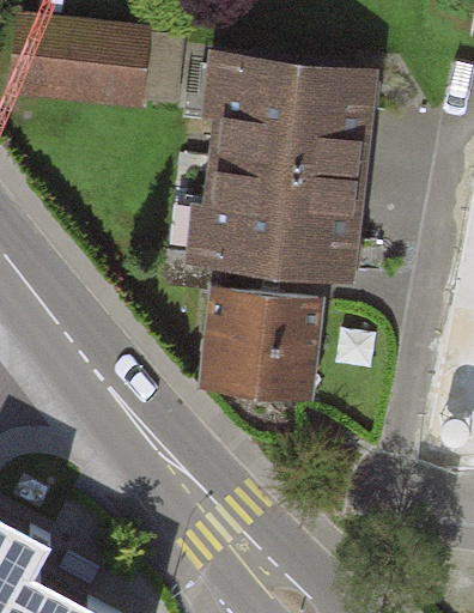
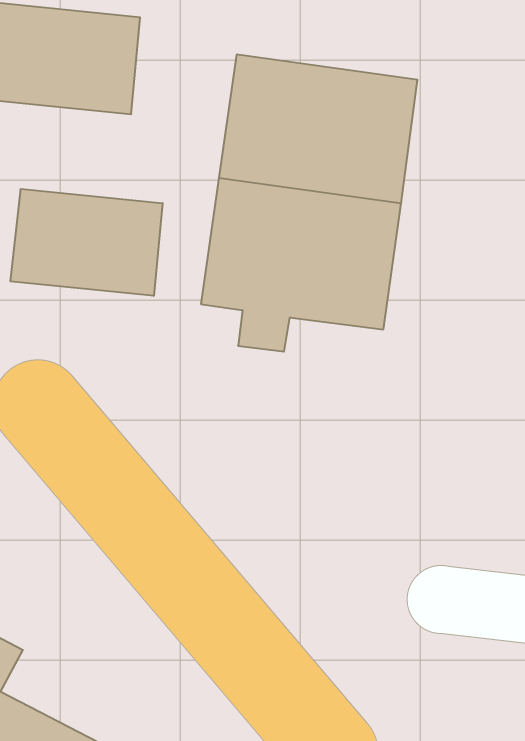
building: none -> [11,189,163,296]
building: [208,290,323,401] -> none

